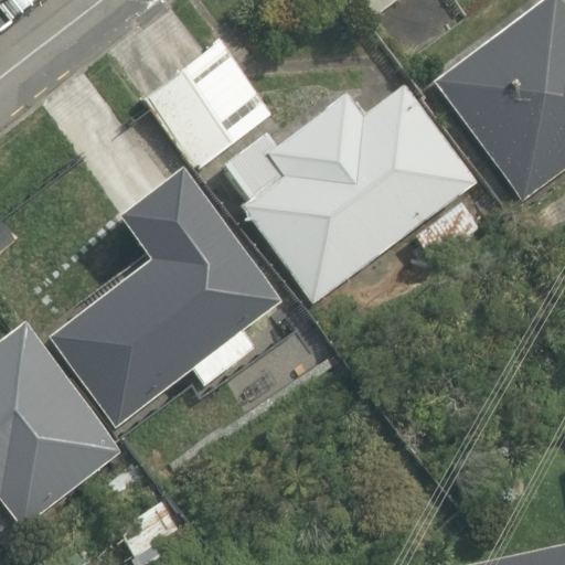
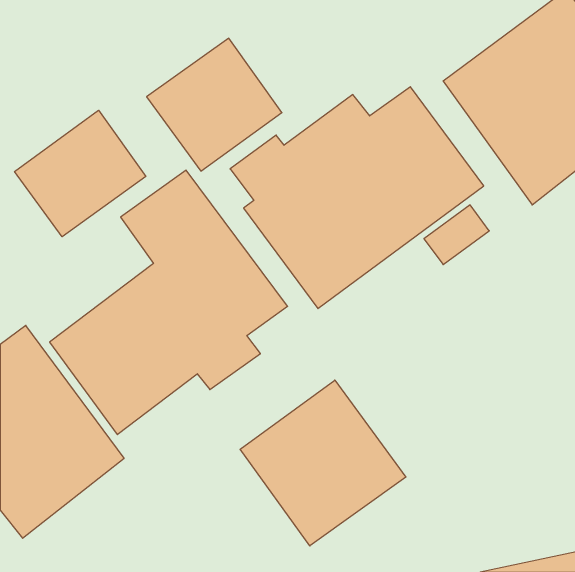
building: none -> [15,110,146,237]
building: none -> [240,380,406,546]

